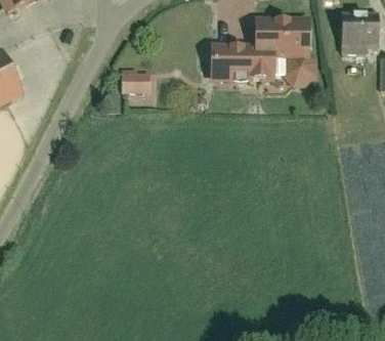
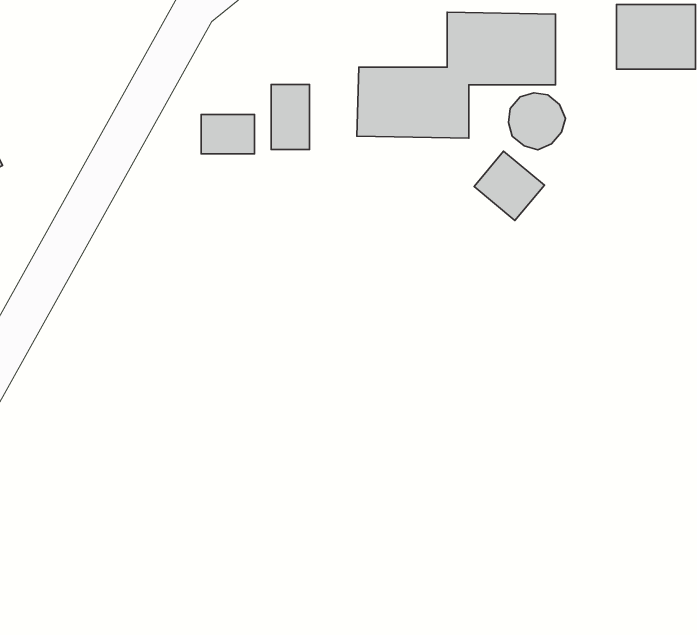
building: none -> [271,84,309,149]
building: none -> [474,151,544,221]

